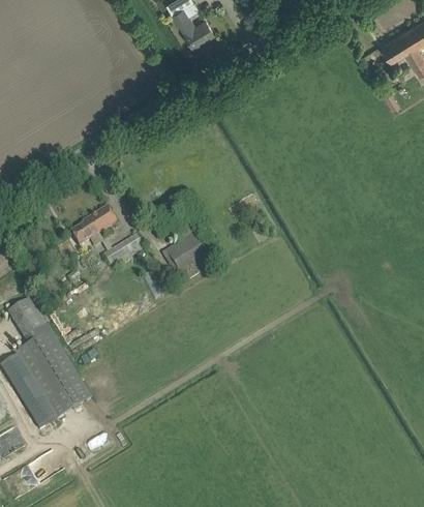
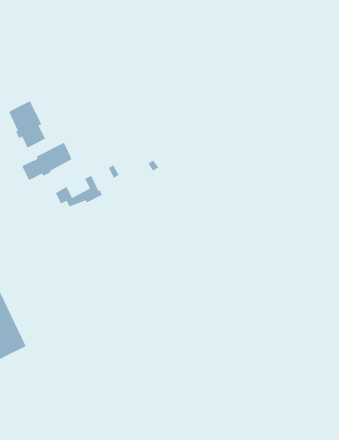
building: none -> [8,100,46,149]
building: [164,232,208,280] -> none

